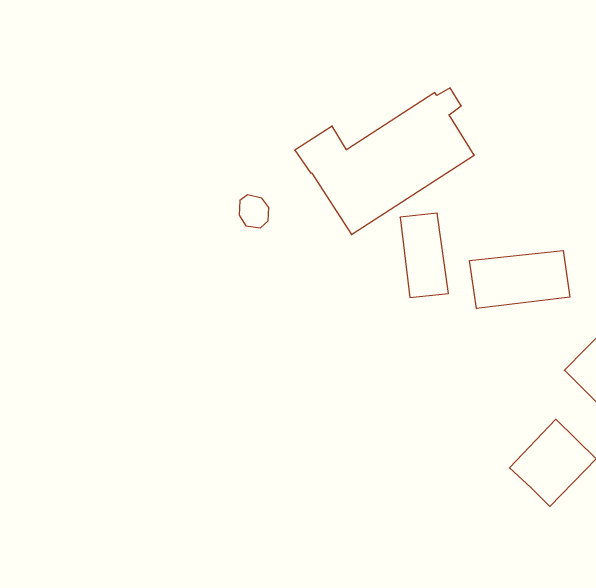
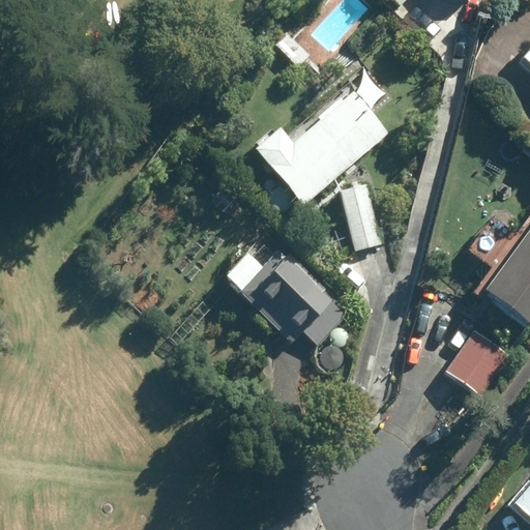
building: [470,251,570,309] -> none
building: none -> [243,248,348,345]

